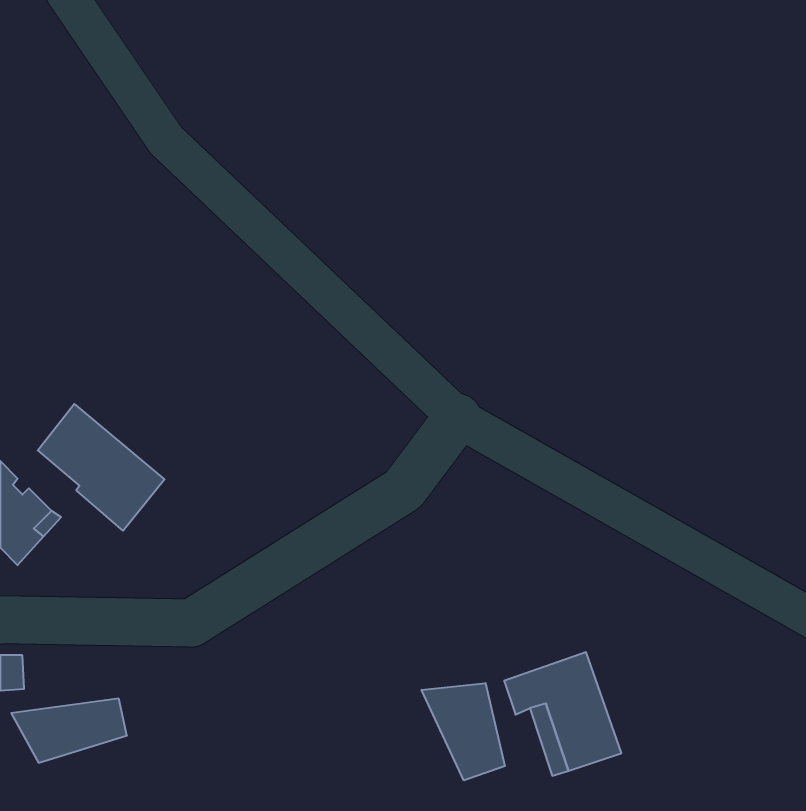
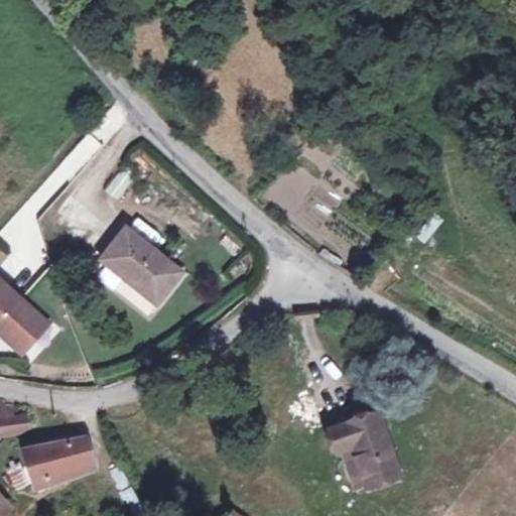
building: [38,404,165,531] -> [104,228,183,307]
building: [422,683,505,780] -> none

